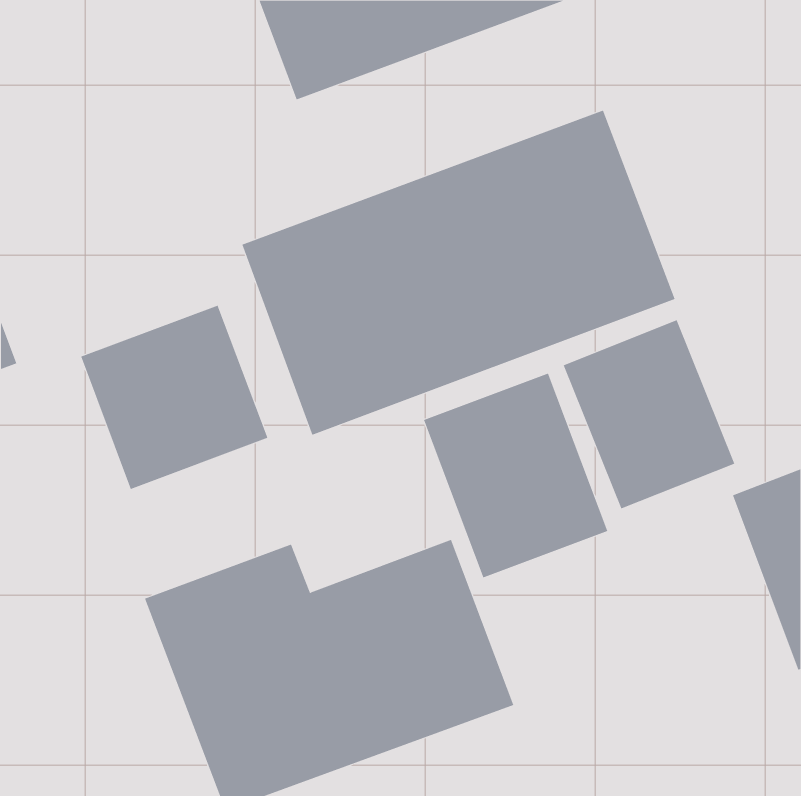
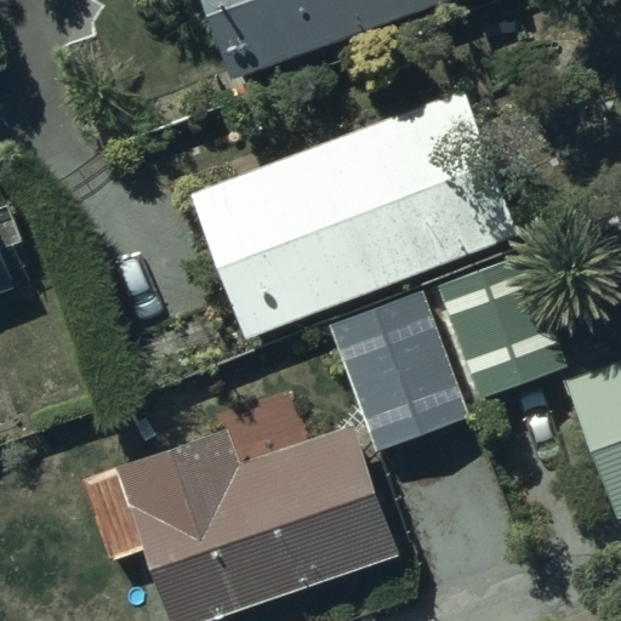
building: [80,305,268,490] -> none

